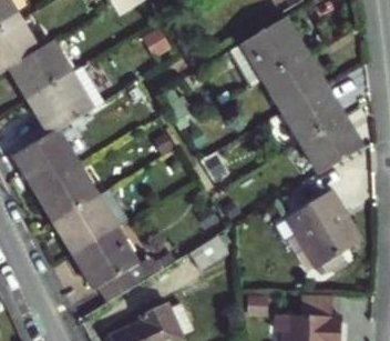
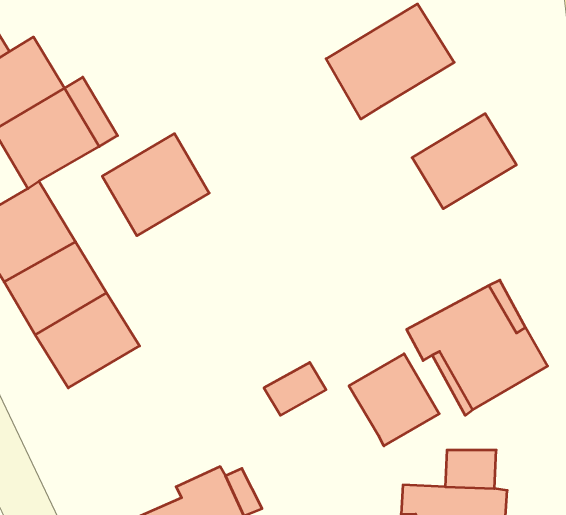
building: [264,57,327,114] -> none
building: none -> [102,134,209,236]
building: [301,119,367,178] -> none
building: [74,229,166,300] -> none
building: none -> [349,354,439,446]

